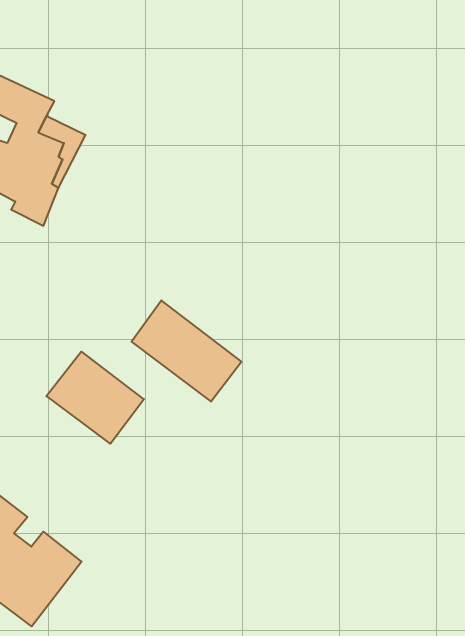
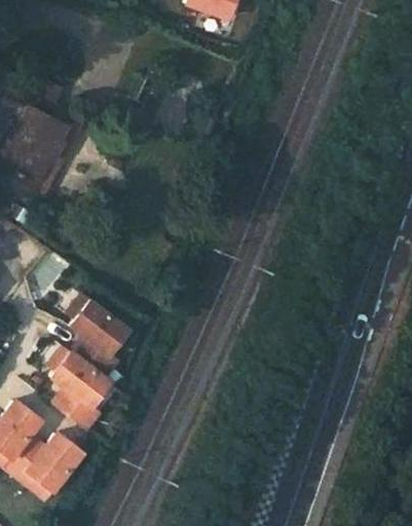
building: [132,300,241,402] -> none
building: none -> [35,338,111,430]

